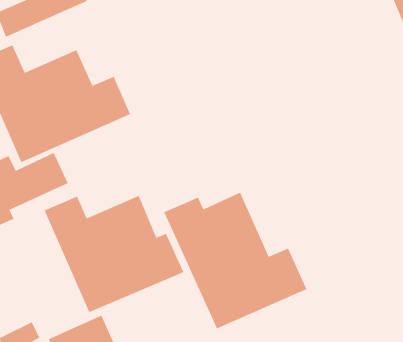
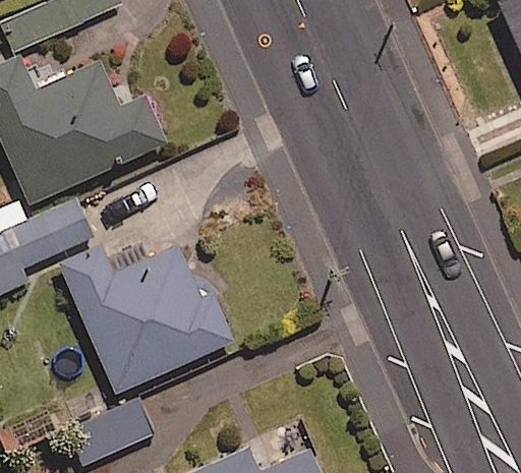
building: [163,191,308,330] -> none

